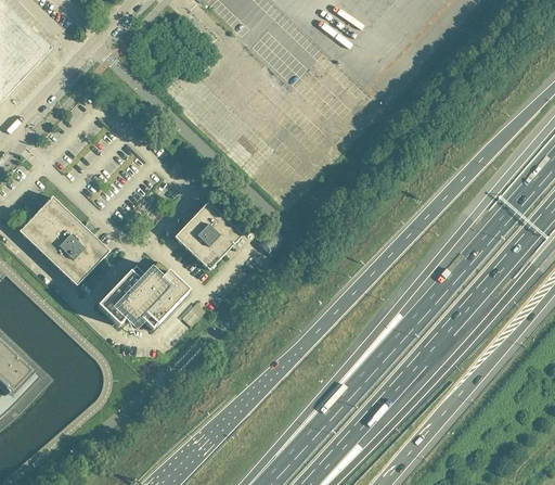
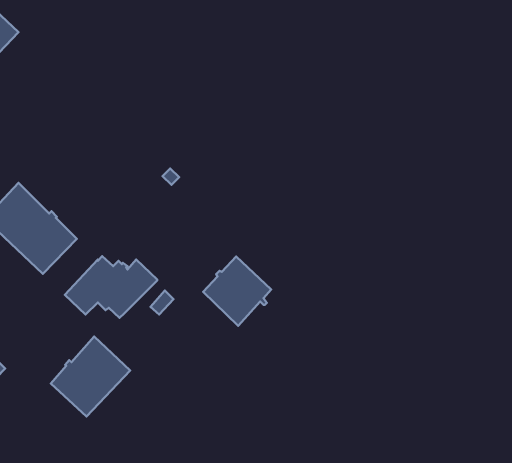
building: [175,201,242,269] -> [203,257,271,326]
building: none -> [51,336,130,417]

